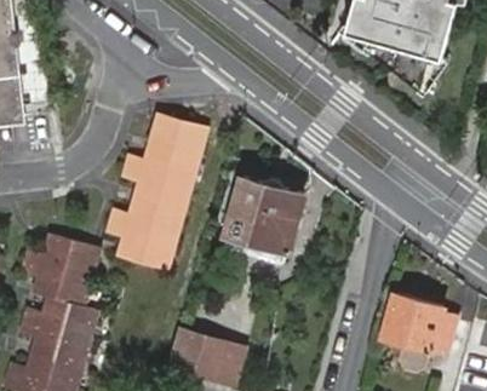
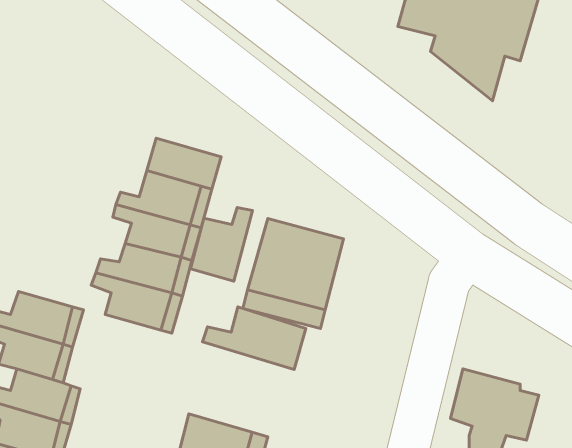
building: none -> [191,207,252,281]
building: none -> [202,307,306,369]

